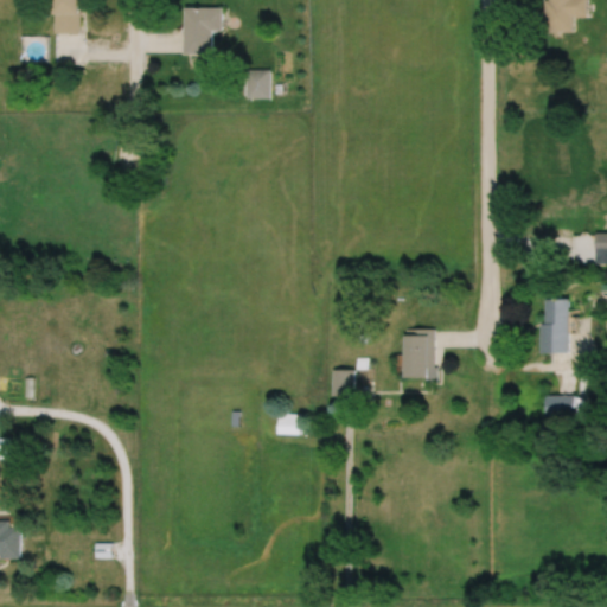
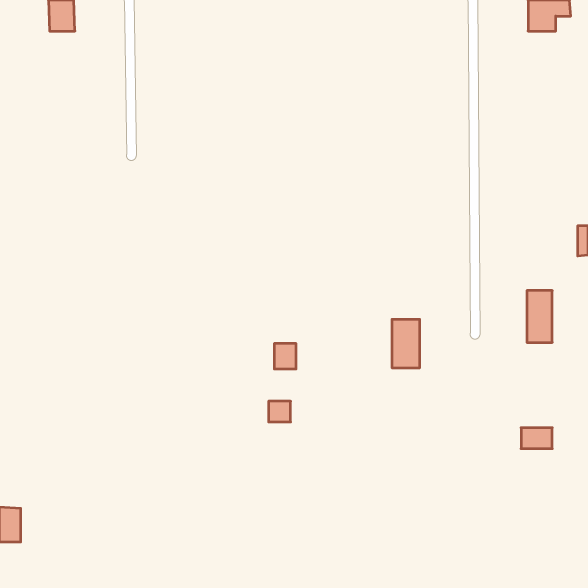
building: [185,8,222,55] -> none
building: [247,70,269,100] -> none
building: [331,370,353,396] -> [274,344,296,369]
building: [543,396,575,417] -> [521,428,552,449]

